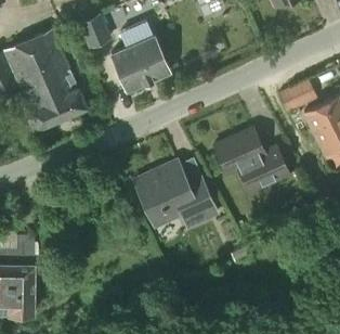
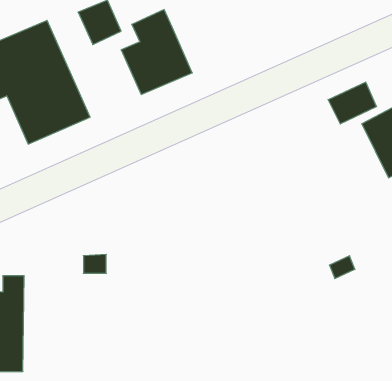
building: [213,127,288,192] -> none
building: [134,162,212,224] -> none

